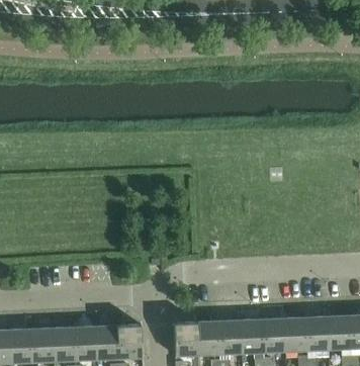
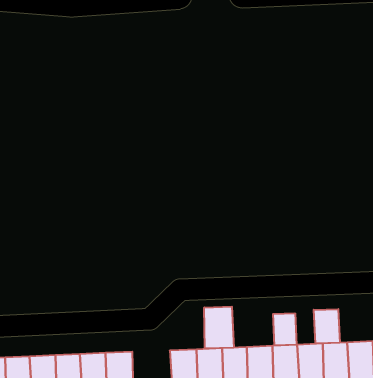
building: none -> [204,307,234,349]
building: none -> [314,309,340,344]
building: none -> [273,313,297,345]

